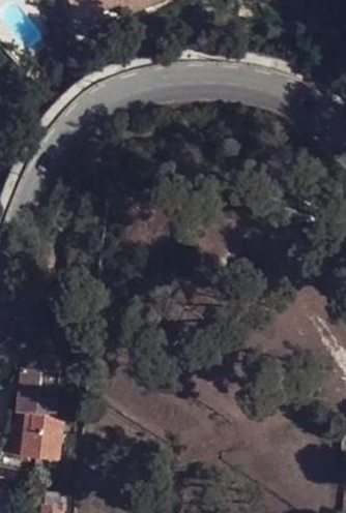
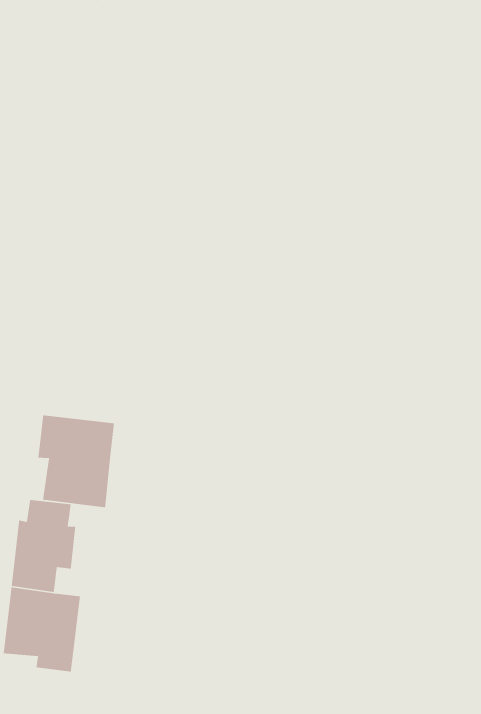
building: none -> [38,415,115,508]

